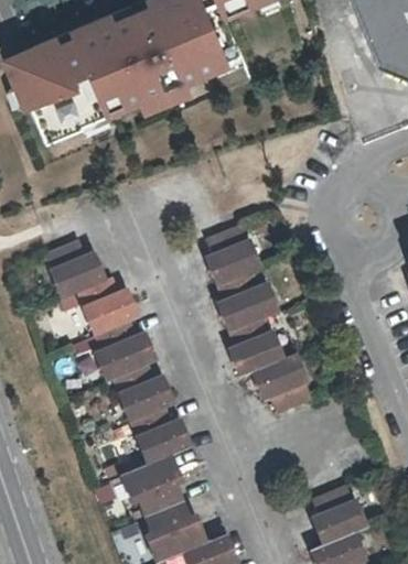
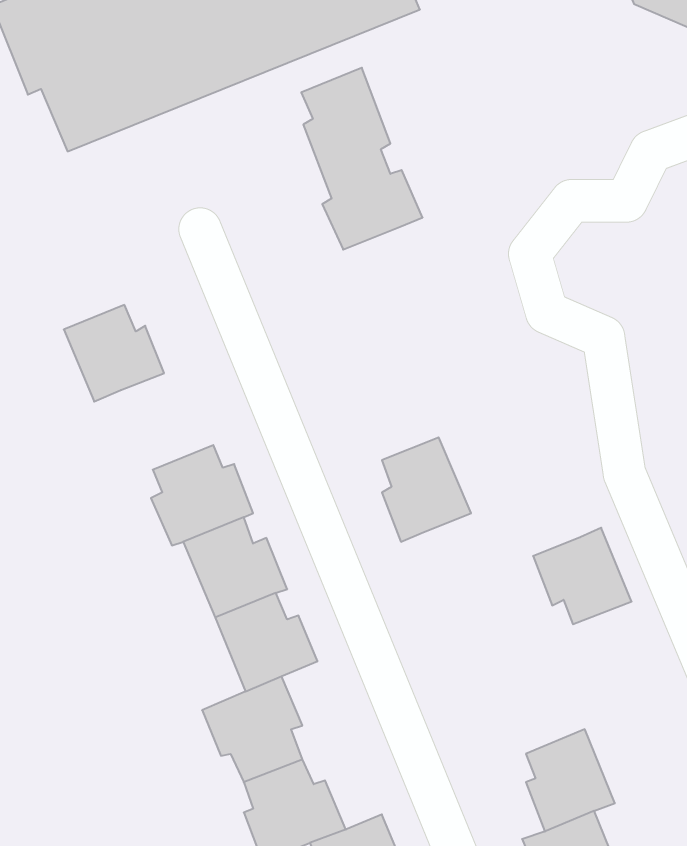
building: [204,221,275,327] -> [301,68,423,250]
building: [76,272,136,333] -> none
building: [253,352,310,409] -> [533,528,632,624]

